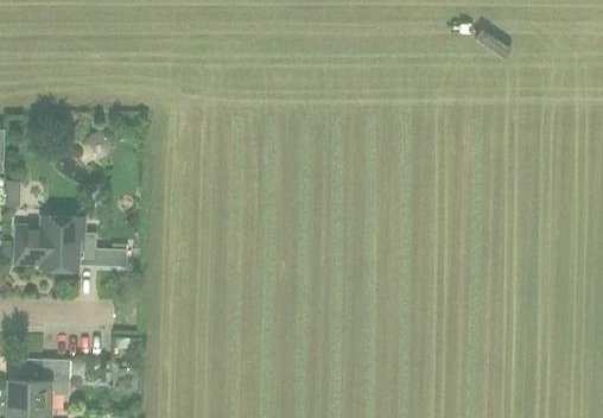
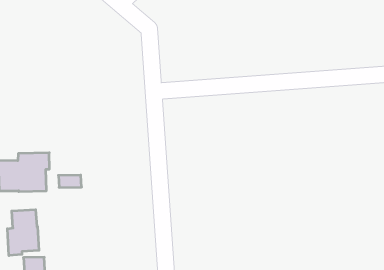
building: none -> [7,210,39,256]

